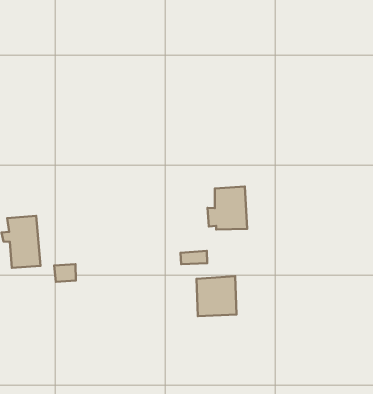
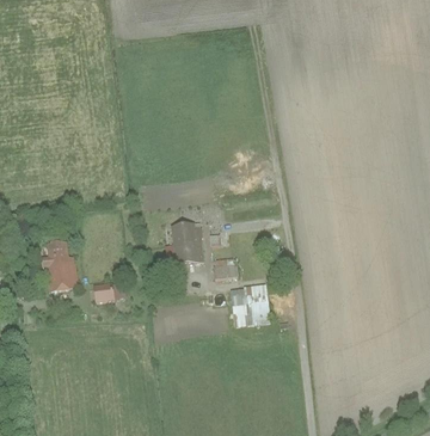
building: [207,186,247,229] -> [166,221,205,264]

